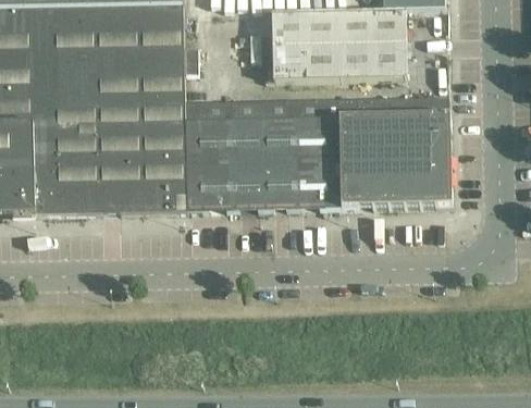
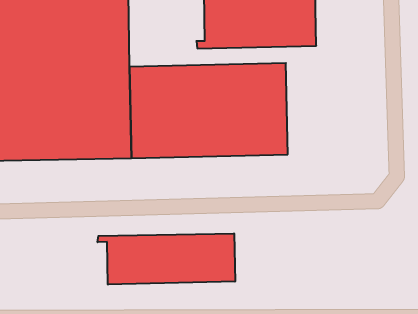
building: [369,97,450,207] -> none
building: none -> [98,233,235,285]

